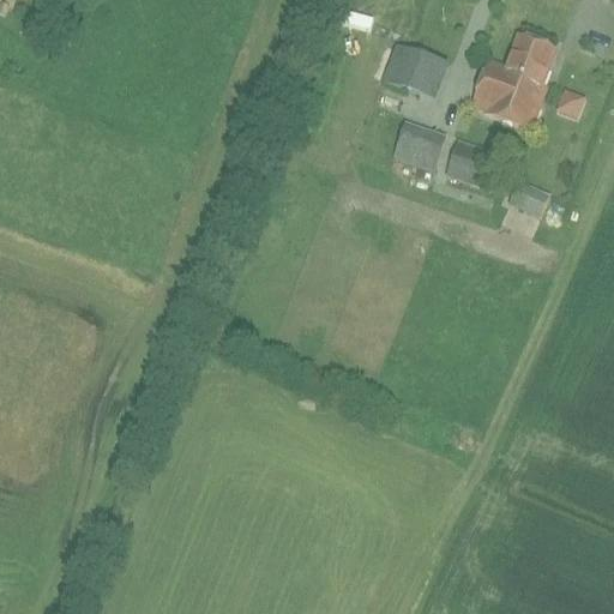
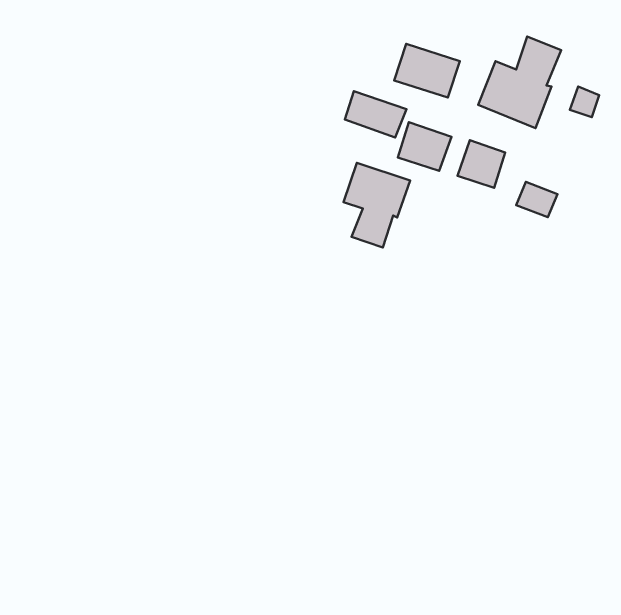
building: none -> [345,91,406,137]
building: none -> [344,163,410,248]

